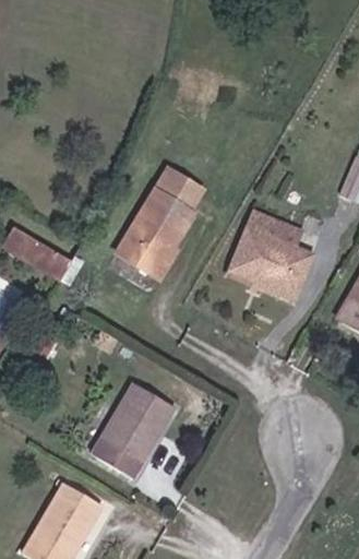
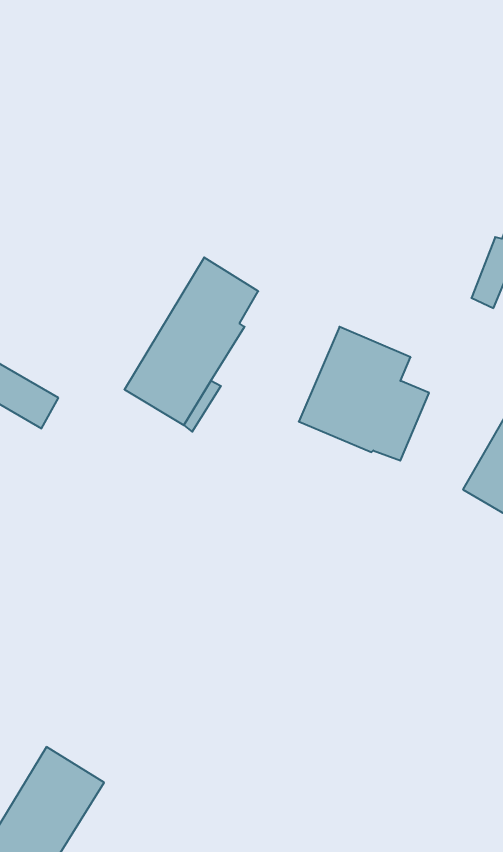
building: [91,383,173,479] -> none

